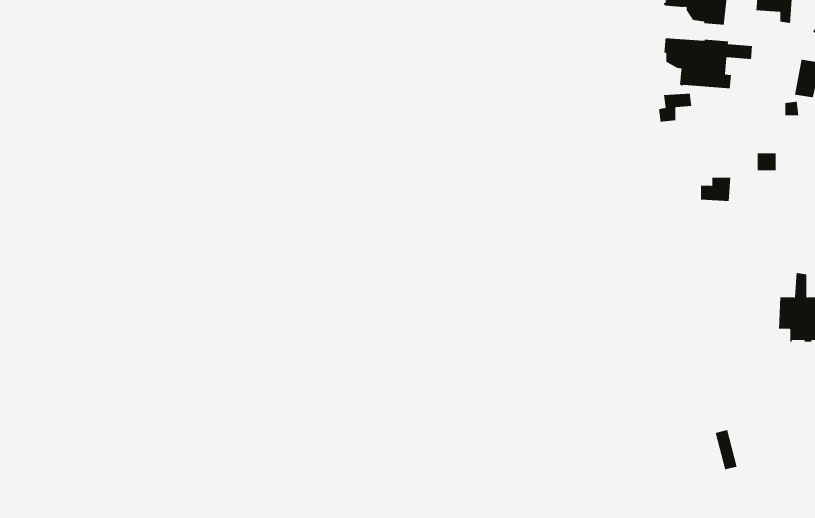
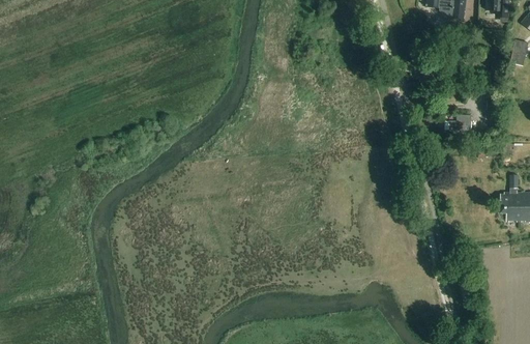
building: [664,37,753,89] -> none

